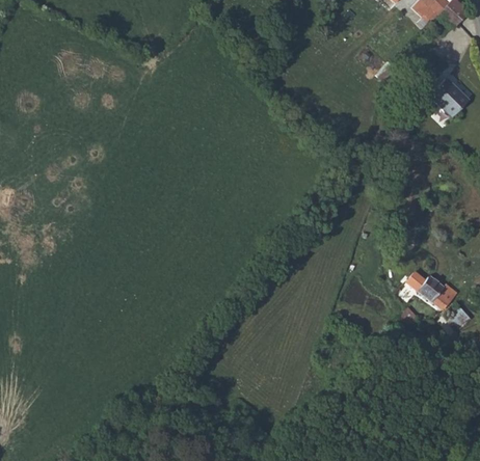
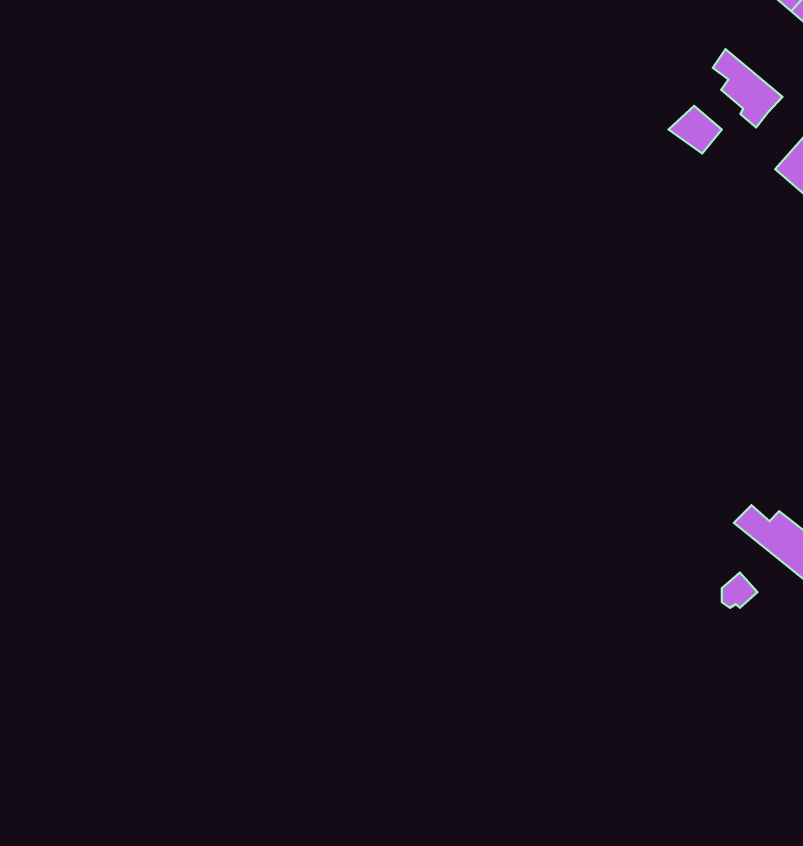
building: none -> [713,49,783,127]

